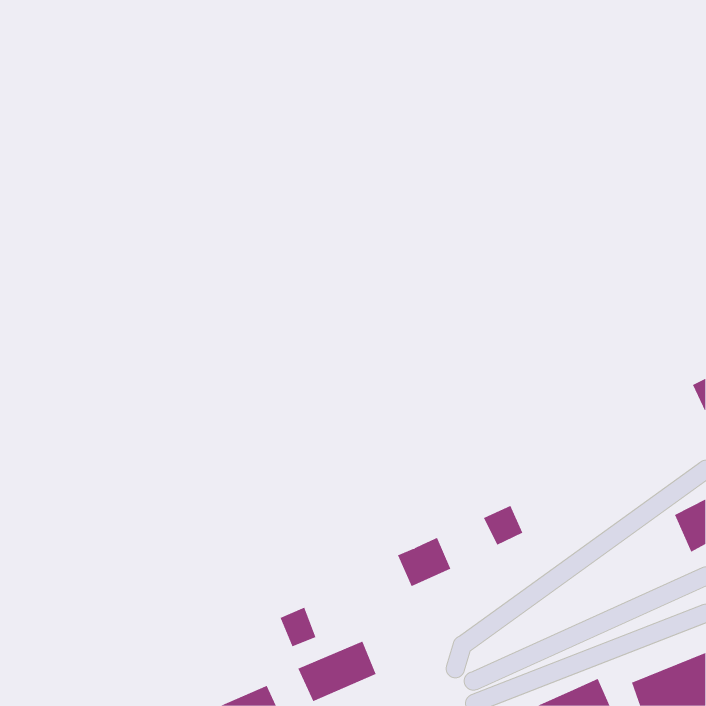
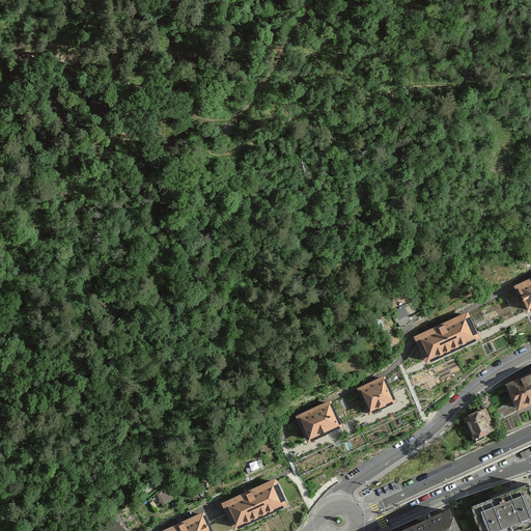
building: none -> [417,315,476,359]
building: none -> [463,410,496,444]
building: [280,607,316,647] -> none

